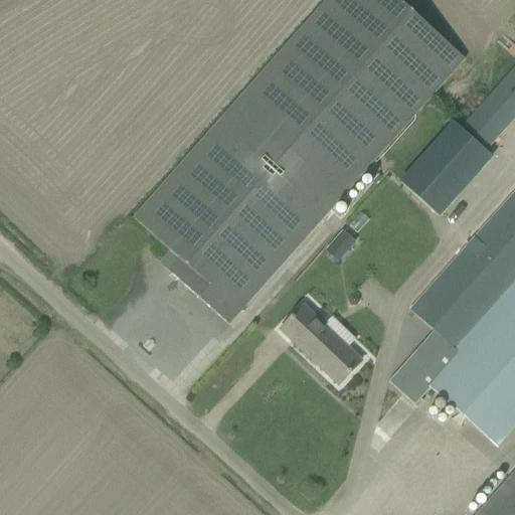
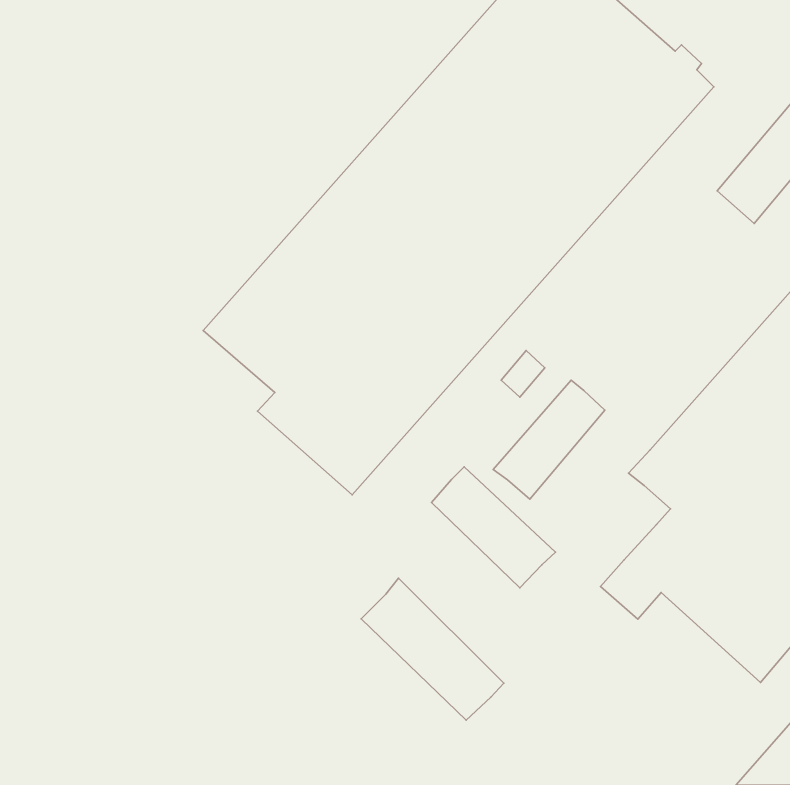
building: [400,119,494,214] -> none
building: none -> [493,380,605,499]
building: none -> [361,578,504,720]

